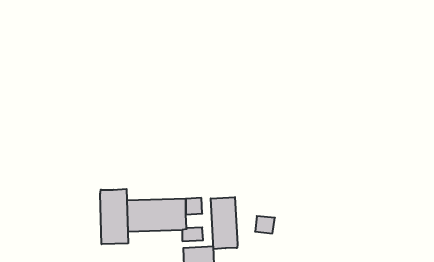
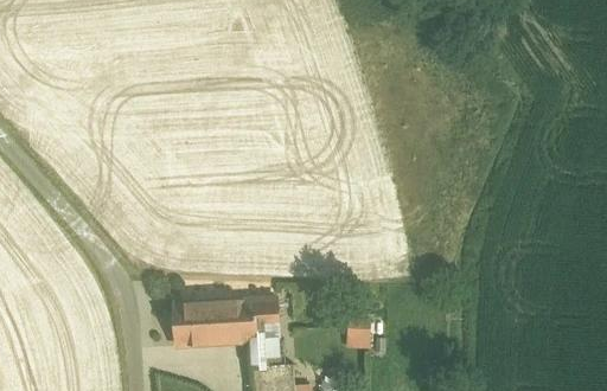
building: [100,189,128,244] -> none
building: [211,197,237,249] -> none

